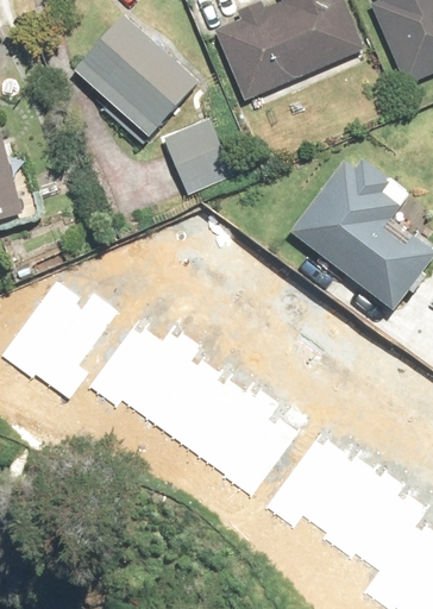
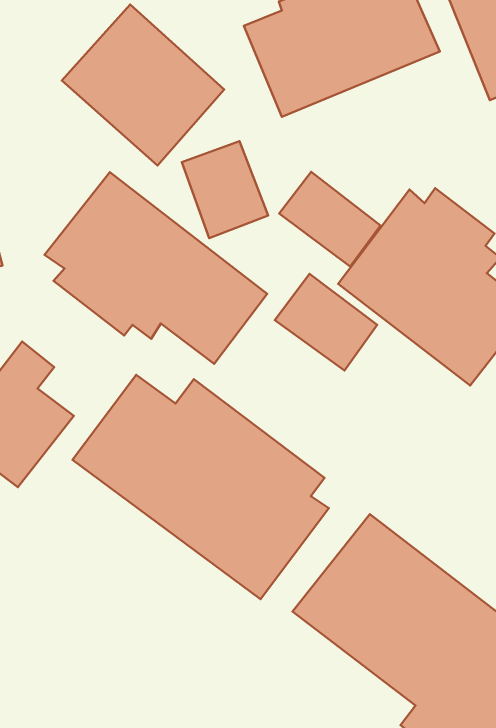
building: none -> [279,172,381,267]
building: none -> [44,172,267,364]
building: none -> [275,274,377,370]

